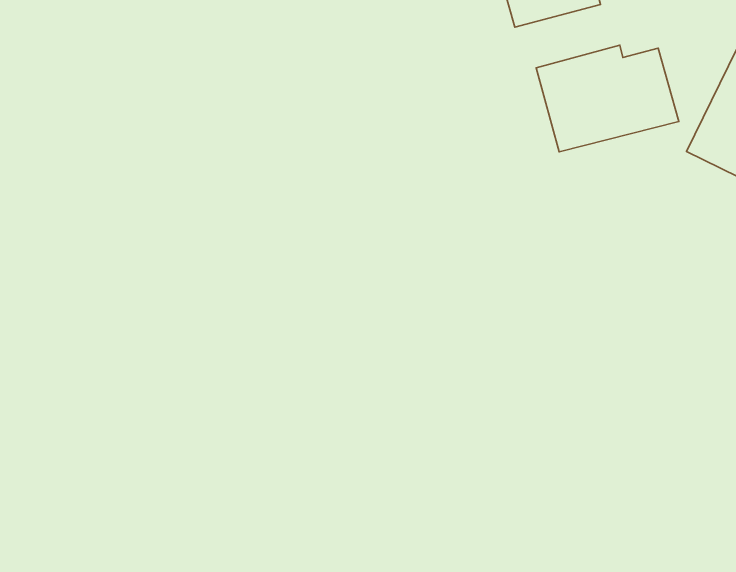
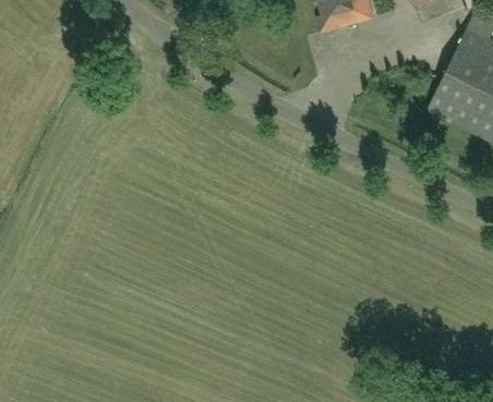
building: [536,45,679,152] -> none

